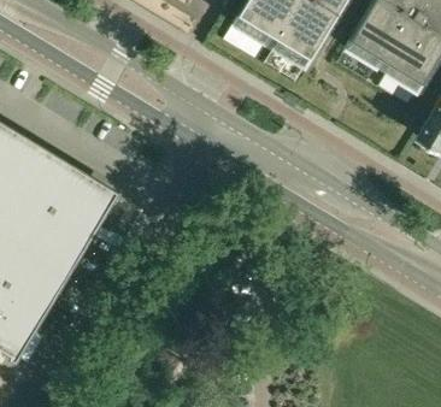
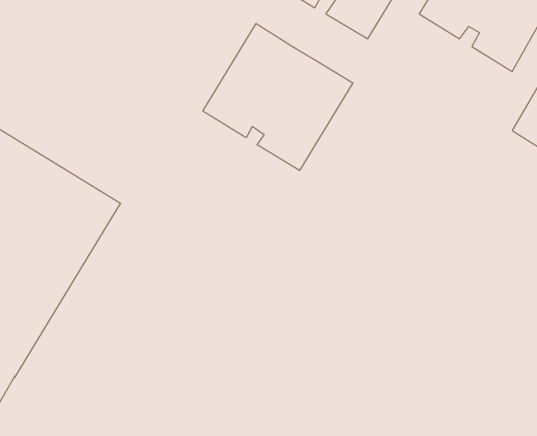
building: none -> [203,24,353,170]

